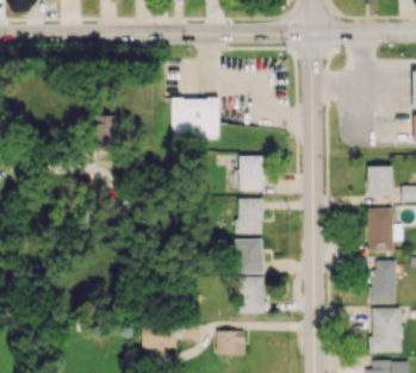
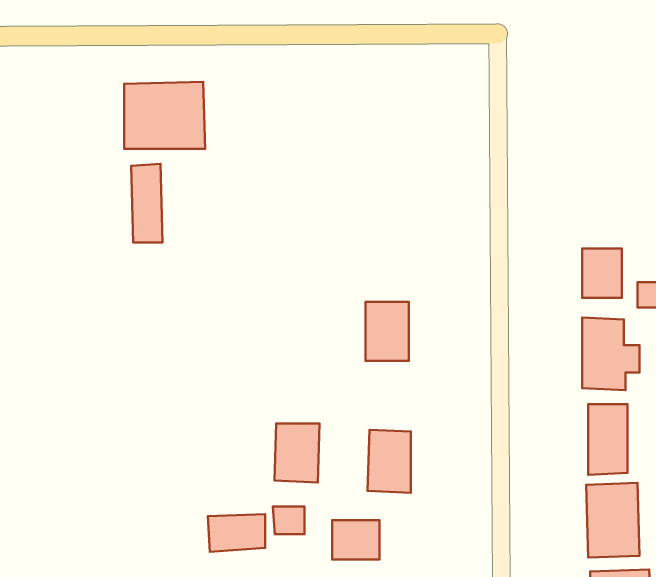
building: [172,98,221,138] -> [124,82,205,149]
building: [240,155,263,191] -> none
building: [236,238,263,274] -> [274,424,320,483]

